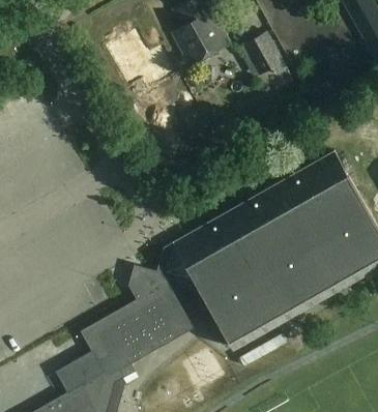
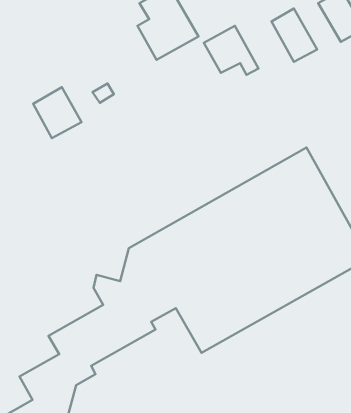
building: none -> [272,9,317,62]
building: none -> [33,87,81,138]

